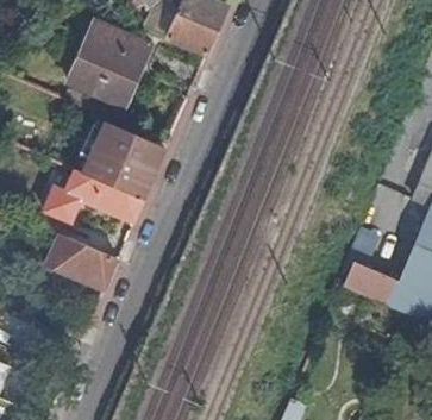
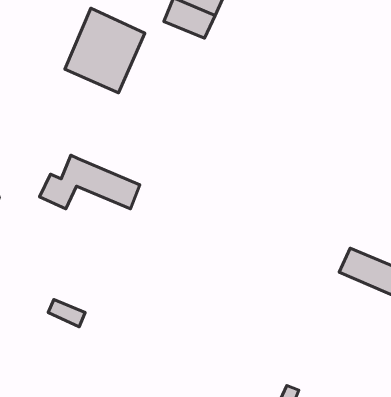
building: [82,123,165,198] -> none
building: [46,233,118,289] -> none

